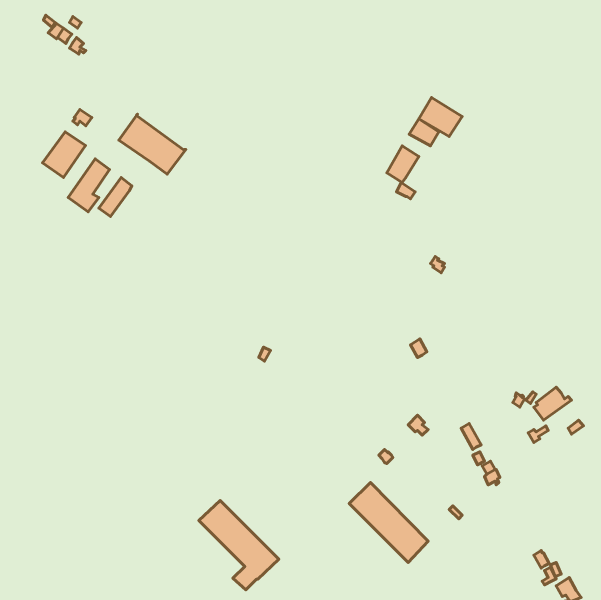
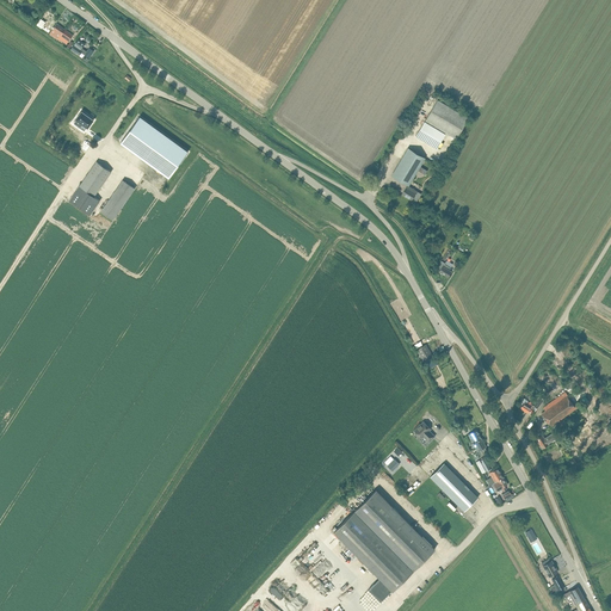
building: [42,132,86,177] -> none
building: none -> [431,464,477,512]
building: [199,501,279,590] -> [333,512,414,603]

